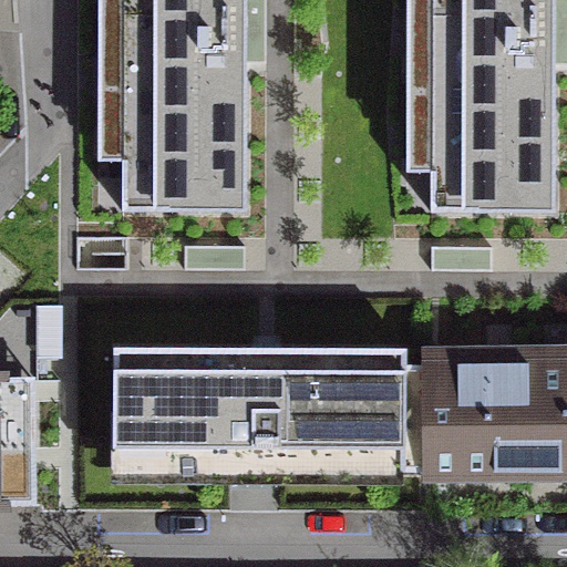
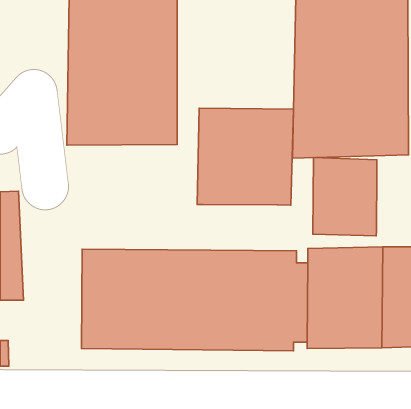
building: none -> [197,108,294,205]
building: none -> [313,158,377,236]

